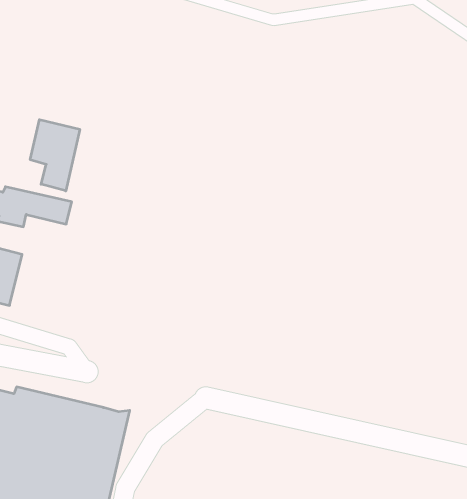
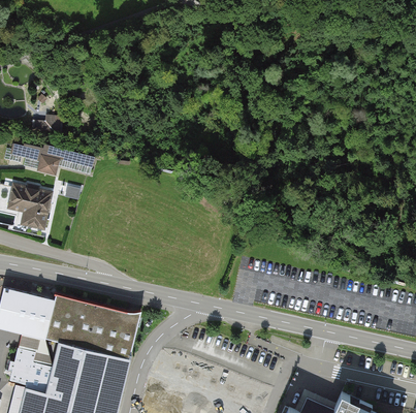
building: [30,120,80,191] -> none

